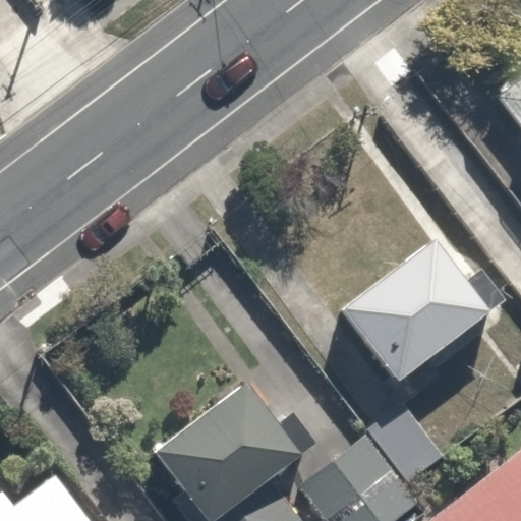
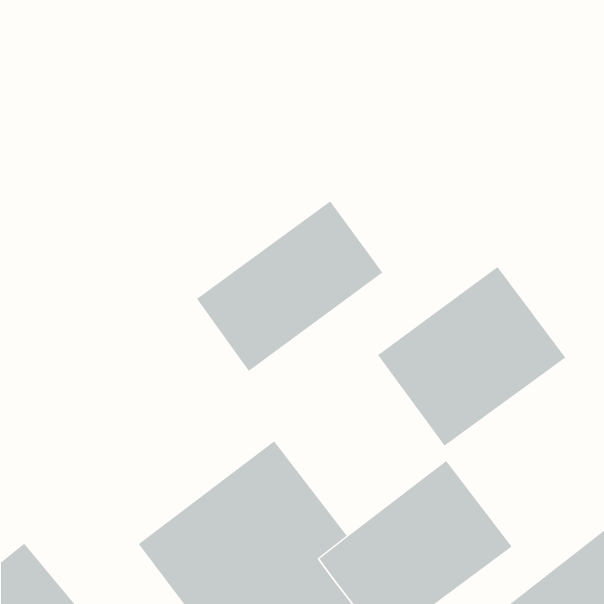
building: none -> [196,201,383,372]

